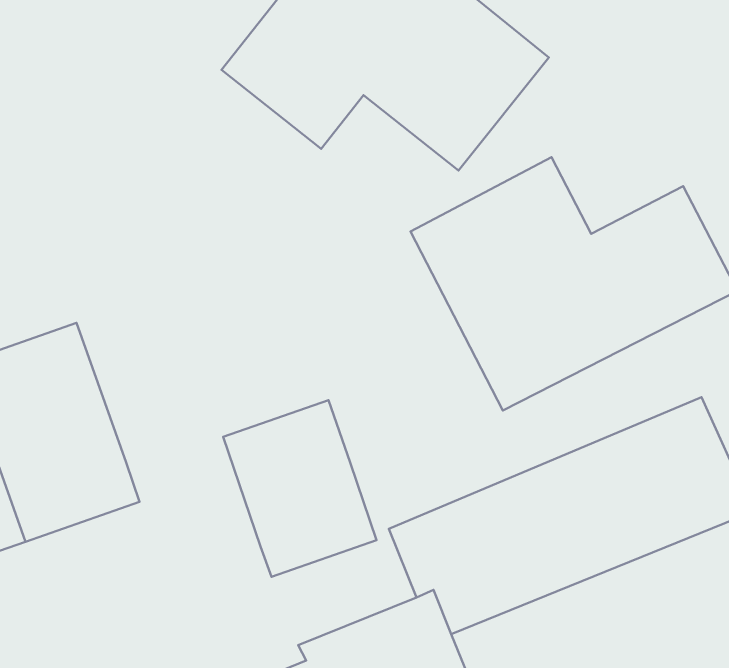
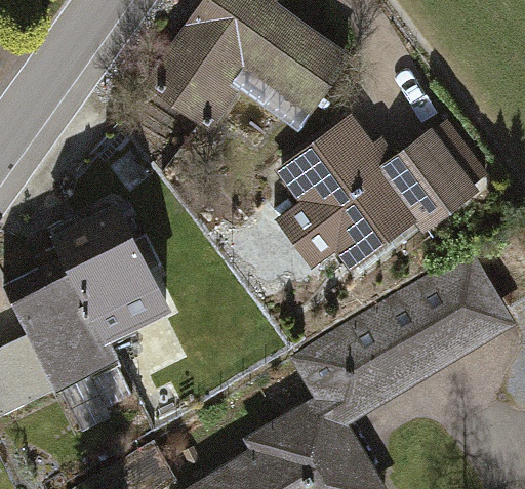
building: none -> [65,208,176,340]
building: [223,400,377,577] -> none

